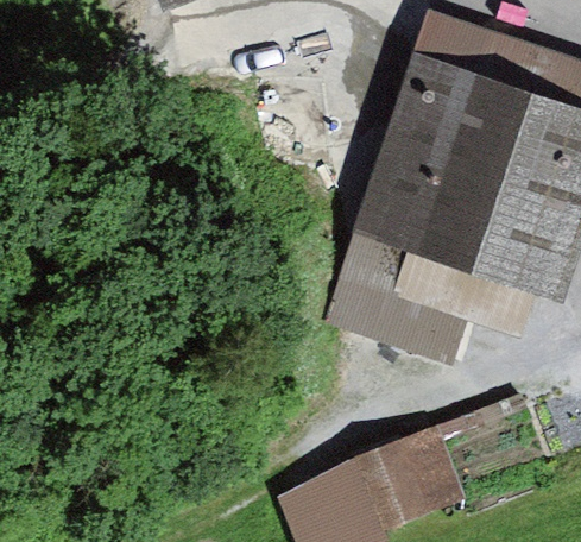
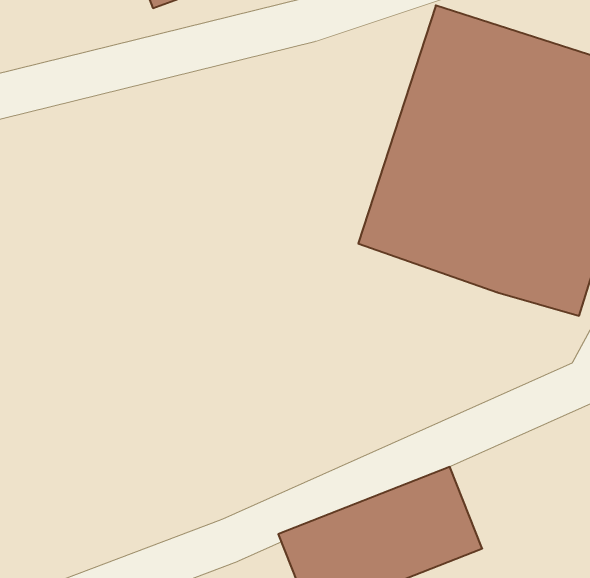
building: [323,228,484,364] -> none

